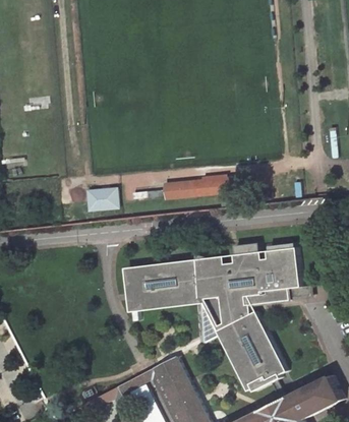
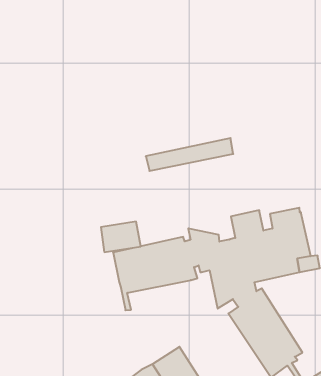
building: [83,186,117,210] -> [101,222,141,252]
building: [201,291,231,339] -> none

